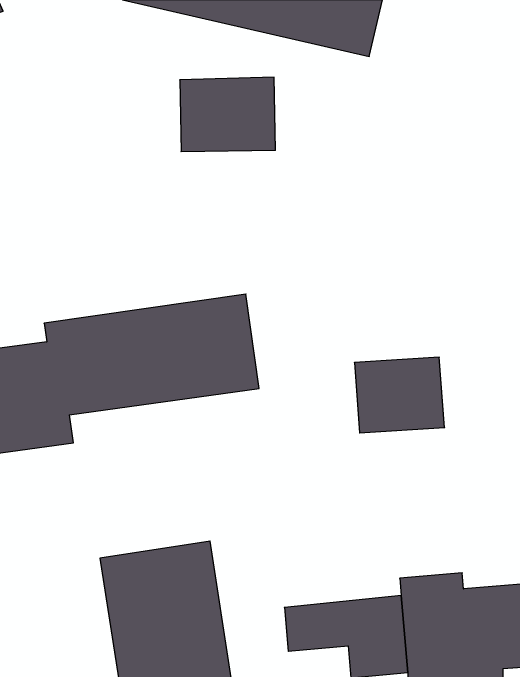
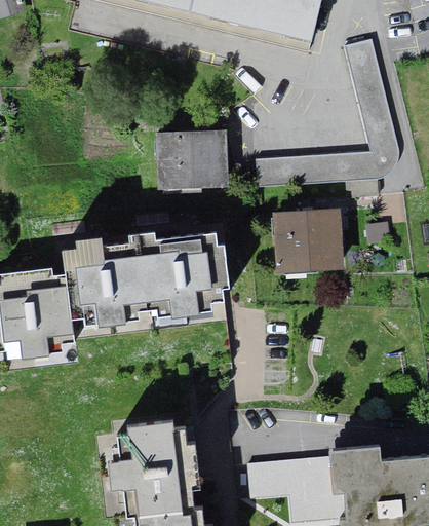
building: none -> [255,38,399,187]
building: [180,77,275,152] -> [159,134,233,191]
building: [354,357,445,433] -> [276,214,346,272]

